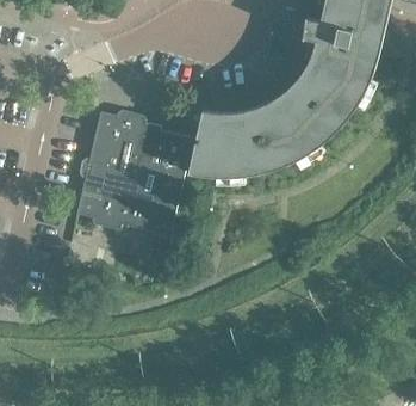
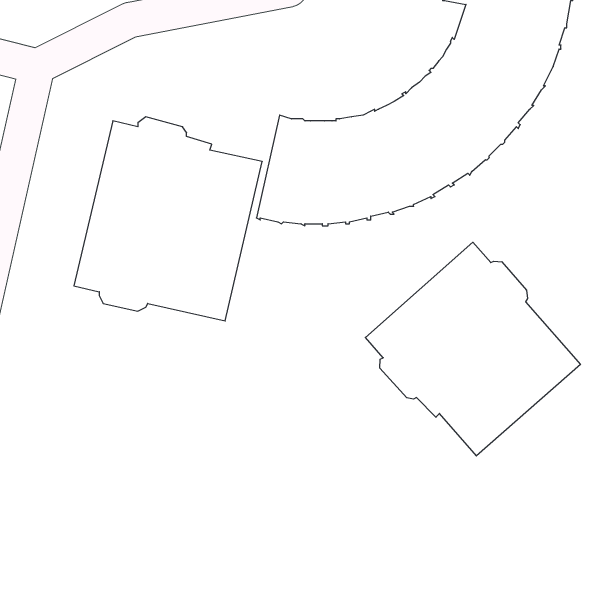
building: none -> [365,242,580,456]

